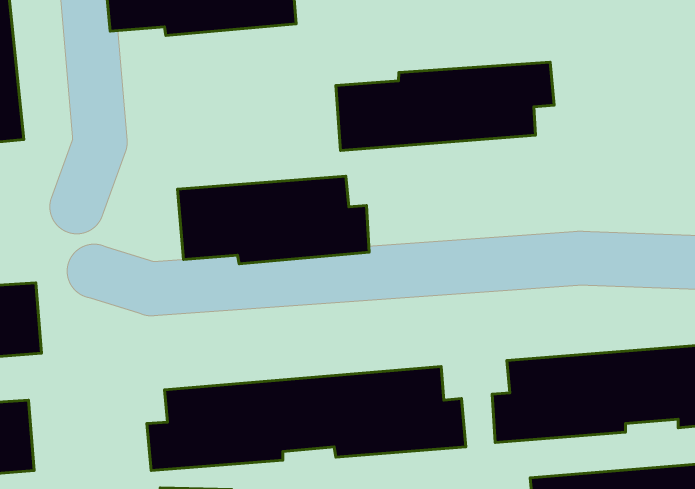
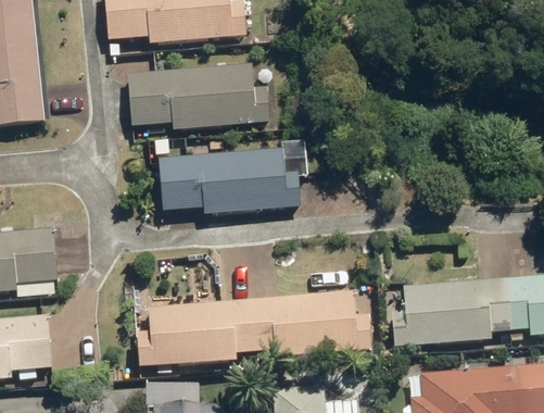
building: none -> [128,62,269,128]
building: [336,62,554,150] -> none

